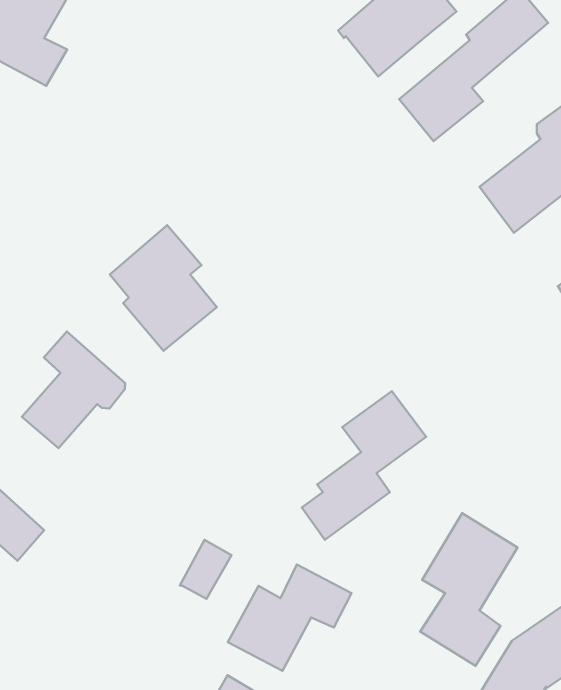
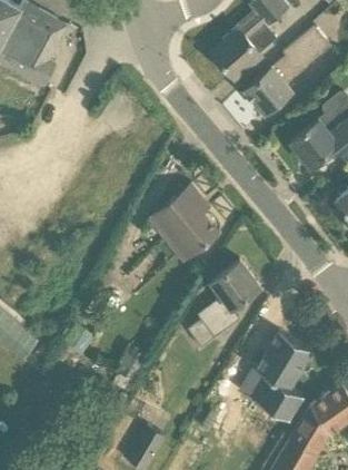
building: [110,225,217,351] -> [156,185,218,258]
building: [22,331,125,448] -> none
building: [228,565,352,671] -> none

